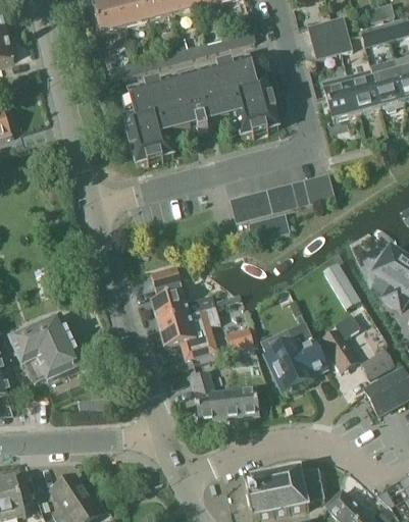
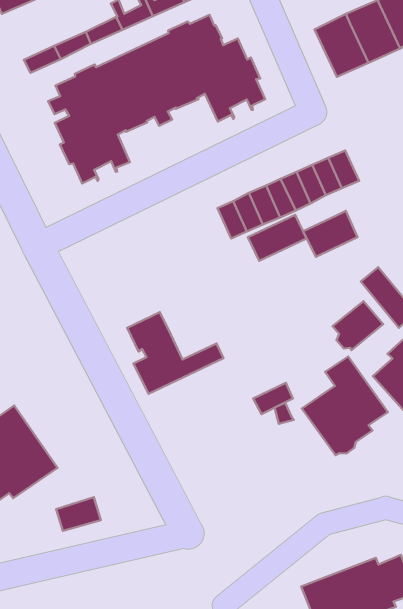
building: none -> [303,211,358,257]
building: none -> [333,301,383,350]
building: [158,306,220,358] -> none
building: [191,368,260,421] -> none

